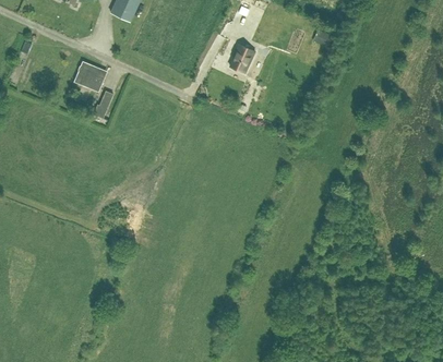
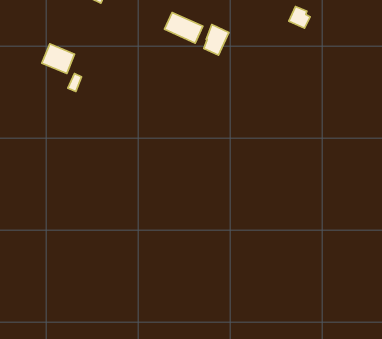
building: none -> [165,12,203,43]

